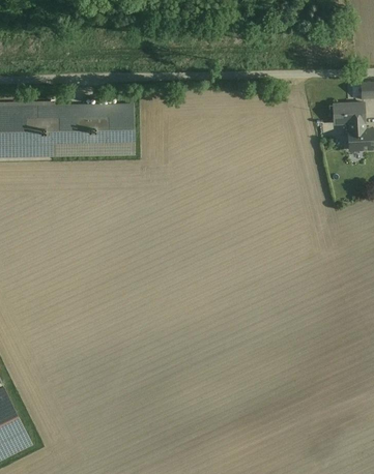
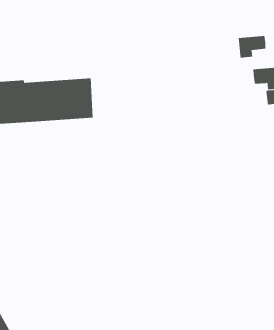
building: none -> [238,35,266,59]

